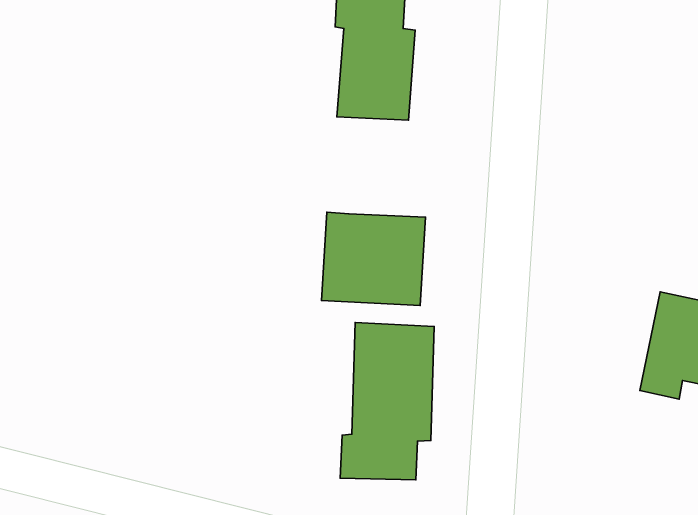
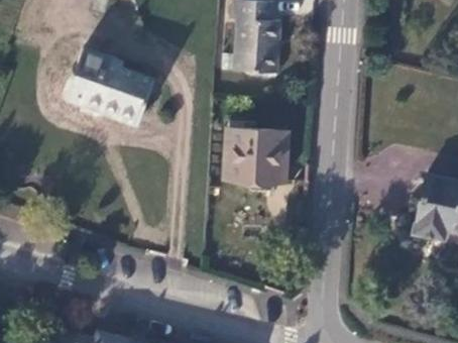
building: none -> [67,50,154,124]
building: [340,322,434,480] -> none

